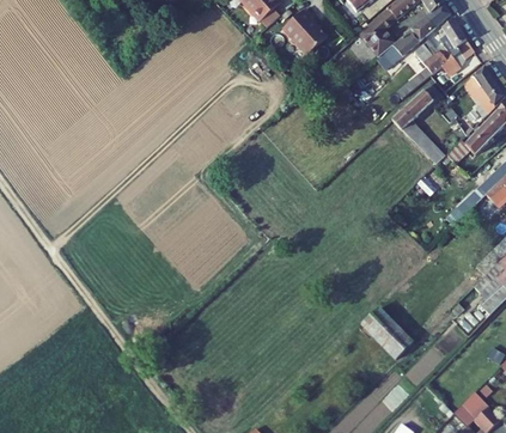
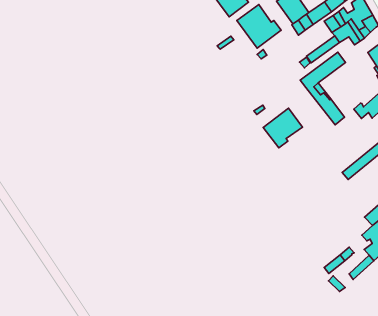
building: none -> [237,4,281,48]
building: none -> [263,108,302,148]
building: [360,307,413,360] -> none

